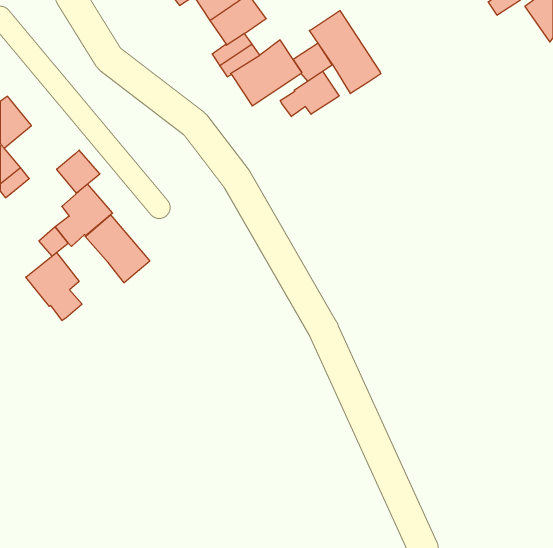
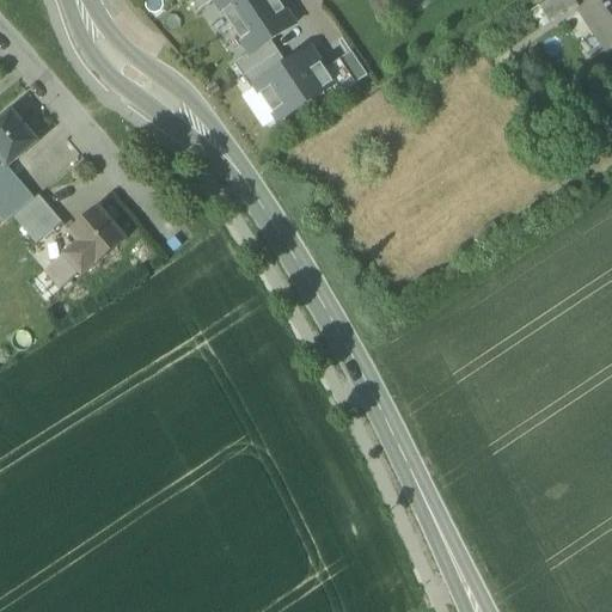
building: [309,11,381,94] -> none
building: [280,71,339,117] -> none
building: [57,150,100,193] -> [12,192,60,240]
building: [85,215,150,283] -> none
building: [26,253,82,321] -> none

